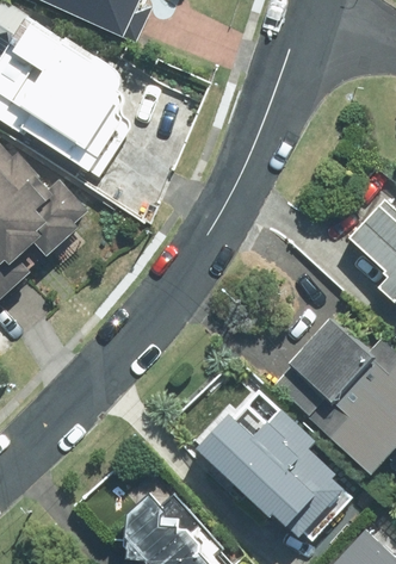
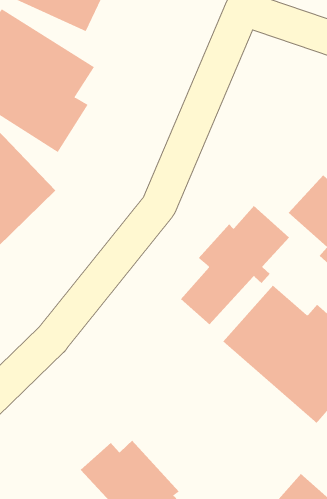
building: none -> [180,205,290,325]
building: [197,410,347,541] -> none

